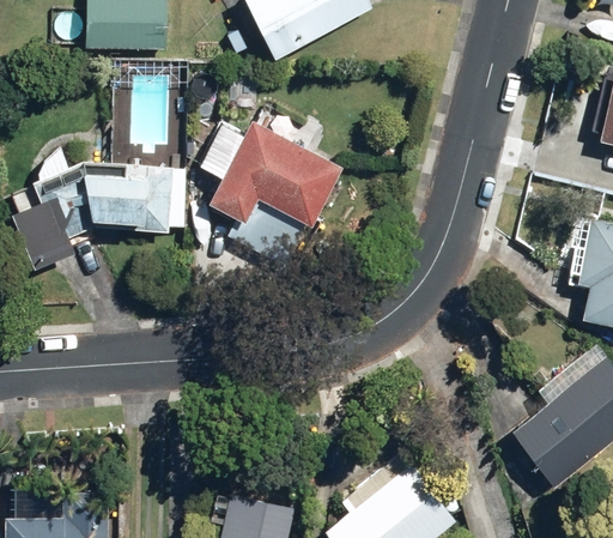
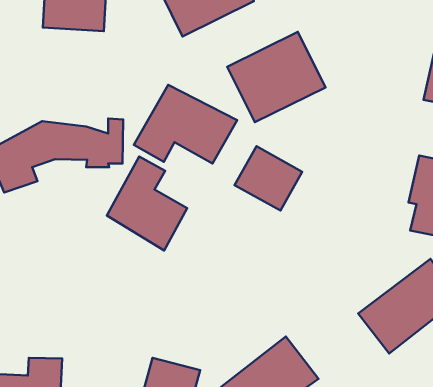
building: none -> [227,32,325,122]
building: none -> [235,146,302,211]
building: none -> [107,156,187,250]

